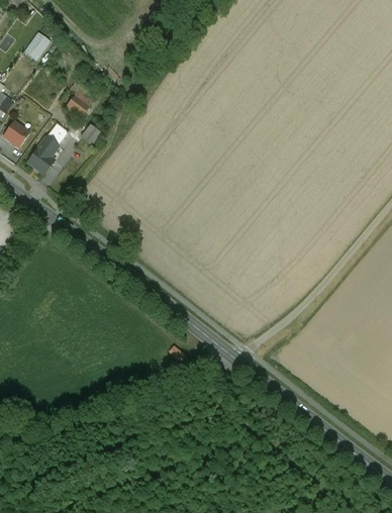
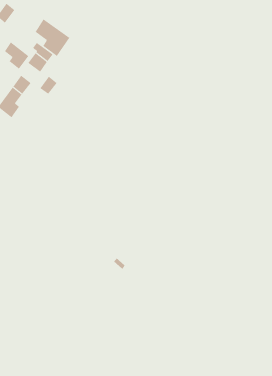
building: none -> [35,19,70,57]
building: none -> [4,42,29,70]

